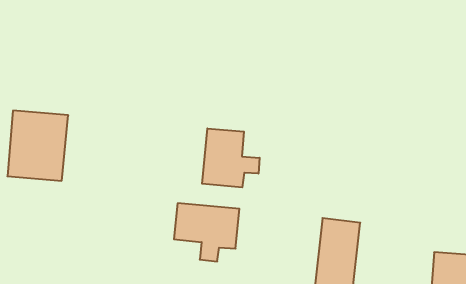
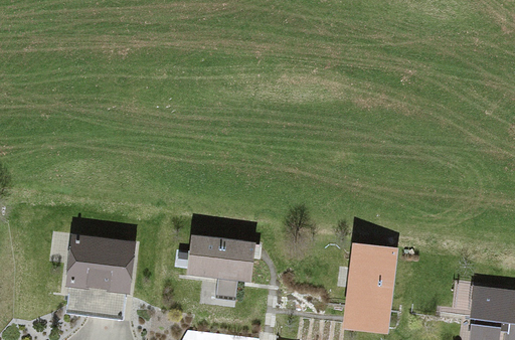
building: [7,111,68,181] -> [63,239,130,316]
building: [202,128,260,187] -> none

